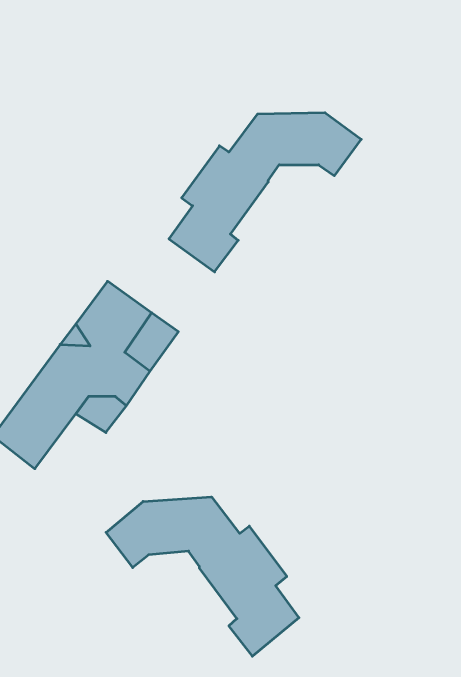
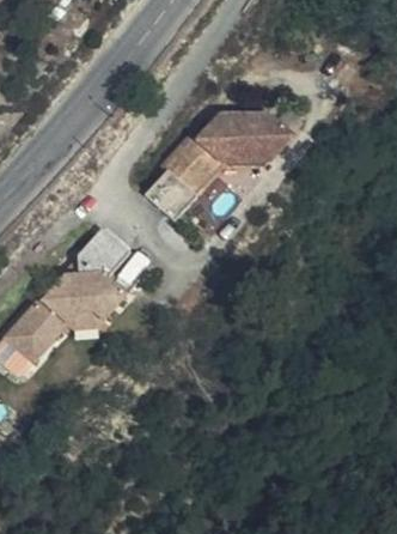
building: [106,497,299,656] -> none

